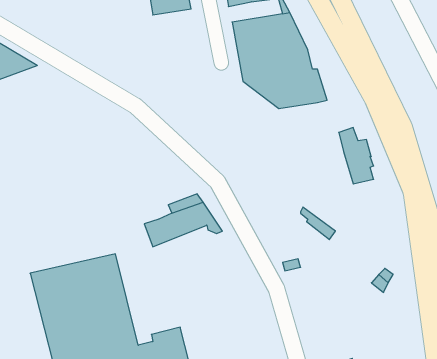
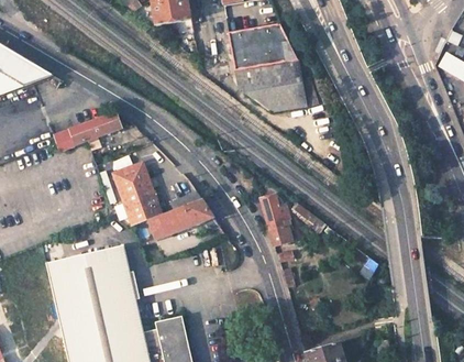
building: none -> [53,112,120,152]
building: [339,128,374,184] -> [259,194,291,245]
building: none -> [113,162,162,223]

